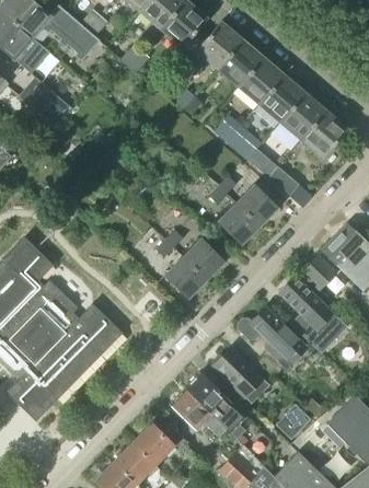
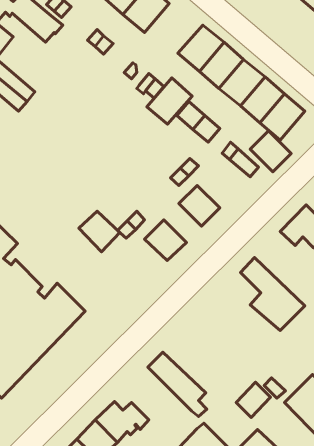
building: [196,22,242,69] -> [147,78,192,124]
building: [237,185,278,226] -> [250,131,291,172]
building: [301,255,336,290] -> none
building: [164,258,206,300] -> [79,211,120,252]
building: [239,307,307,370] -> none
building: [212,348,269,405] -> none
building: [170,388,227,437] -> none

